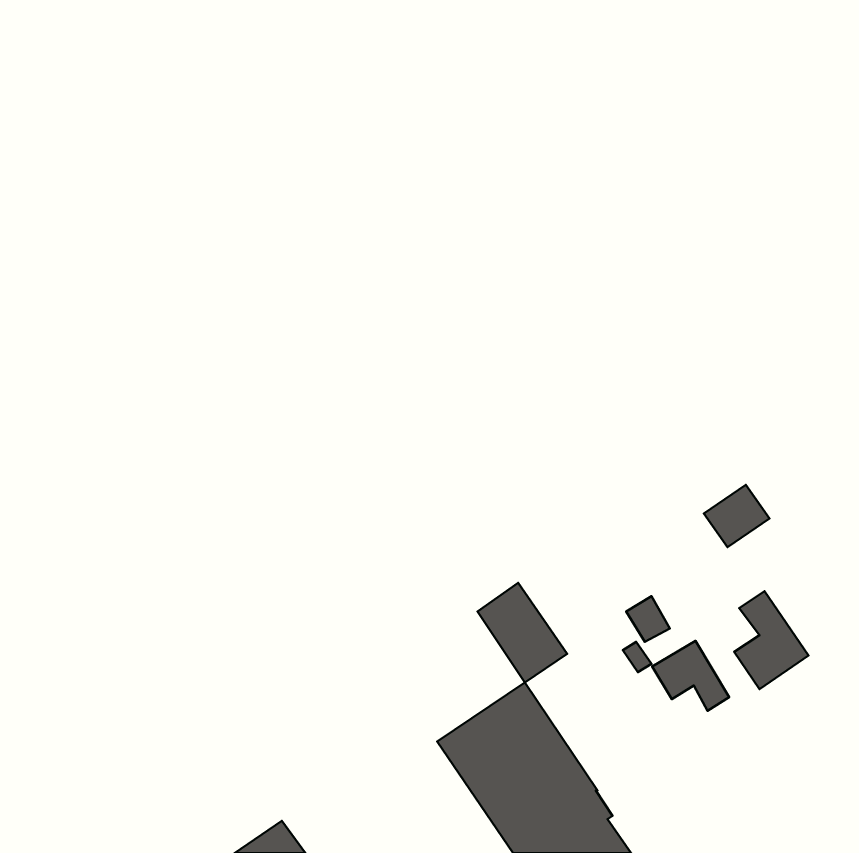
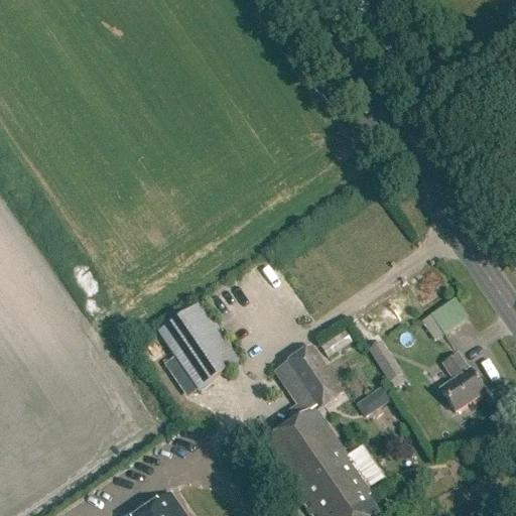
building: none -> [156,301,238,387]
building: [652,641,729,711] -> none

